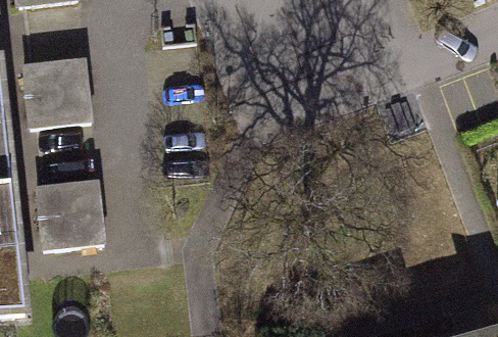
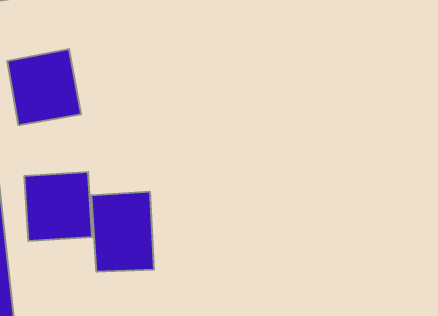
building: none -> [92,192,154,272]

